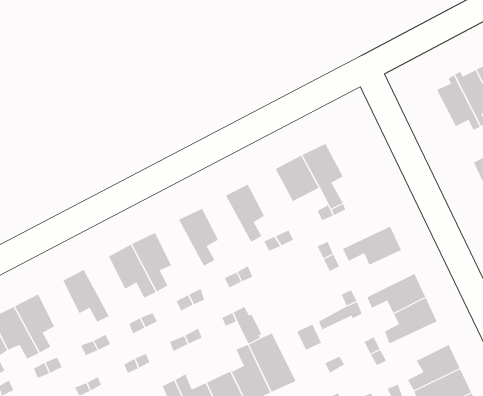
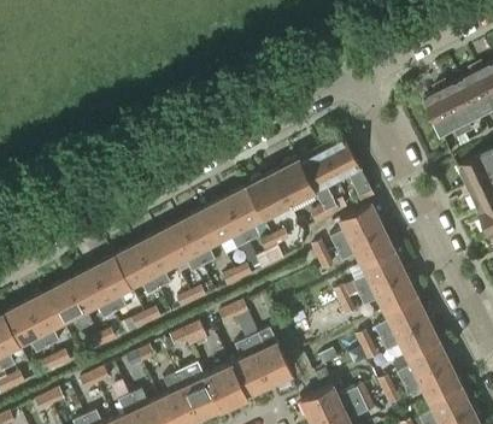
building: none -> [319,136,372,201]
building: none -> [246,173,288,218]
building: none -> [203,199,248,249]
building: none -> [330,205,381,249]
building: none -> [158,222,204,272]
building: none -> [352,251,404,295]
building: none -> [90,257,129,313]
building: none -> [47,279,93,331]
building: none -> [380,318,436,355]

